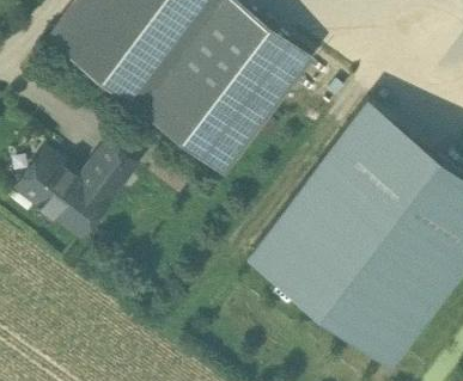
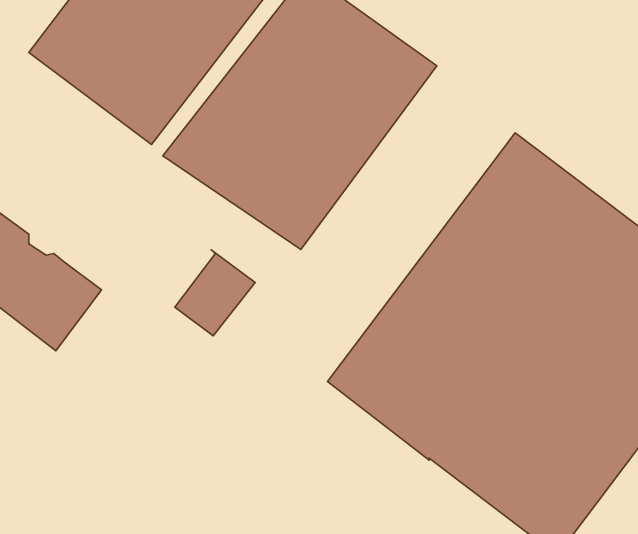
building: [79,141,129,195] -> [175,250,255,336]

